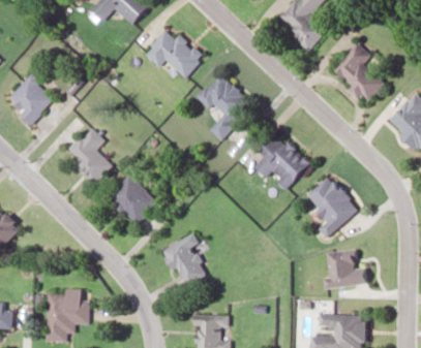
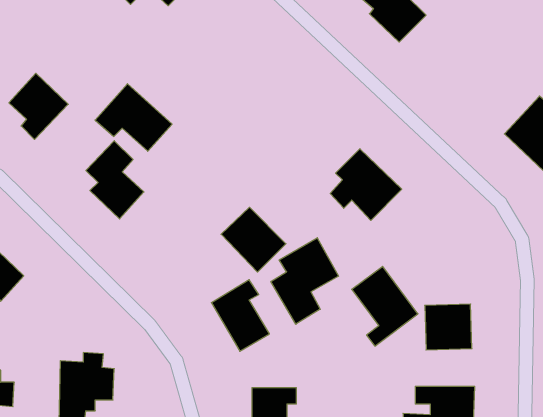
building: [144,26,203,77] -> [95,84,172,151]
building: [331,42,385,102] -> none
building: [198,73,251,138] -> none
building: [108,175,157,224] -> [221,207,286,272]
building: [307,176,358,236] -> [352,266,418,346]
building: none -> [271,238,338,324]

